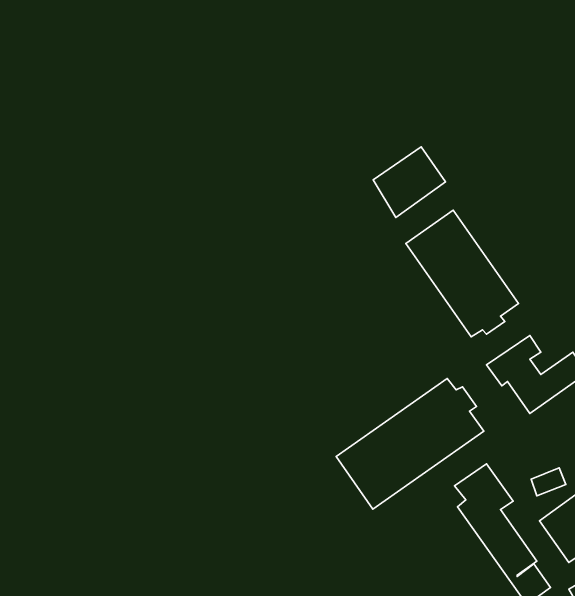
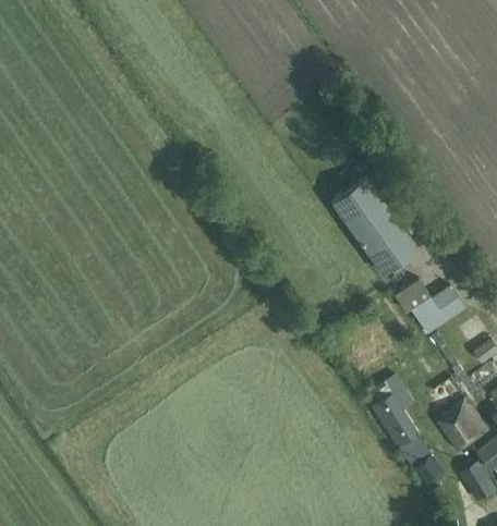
building: [373,147,446,218] -> none
building: [336,378,484,509] -> none

